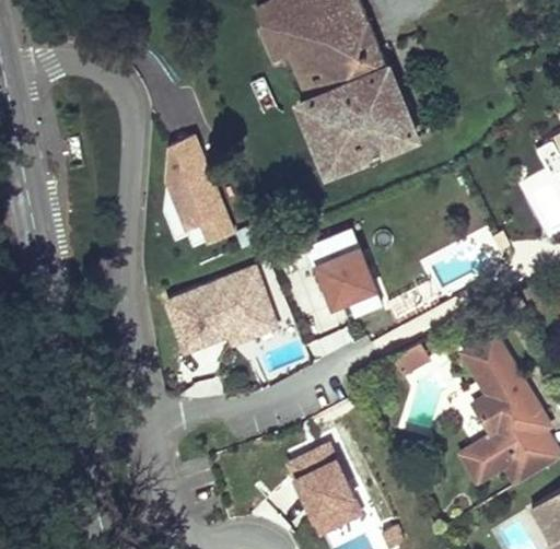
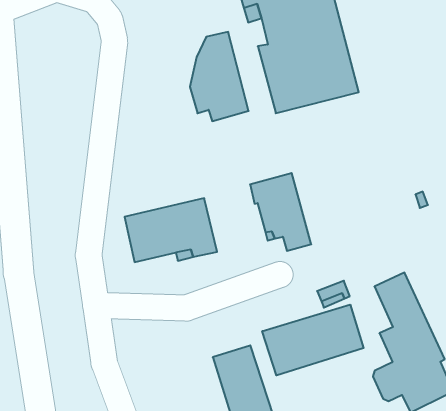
building: [164,149,233,250] -> [190,32,249,121]
building: none -> [262,305,364,375]

